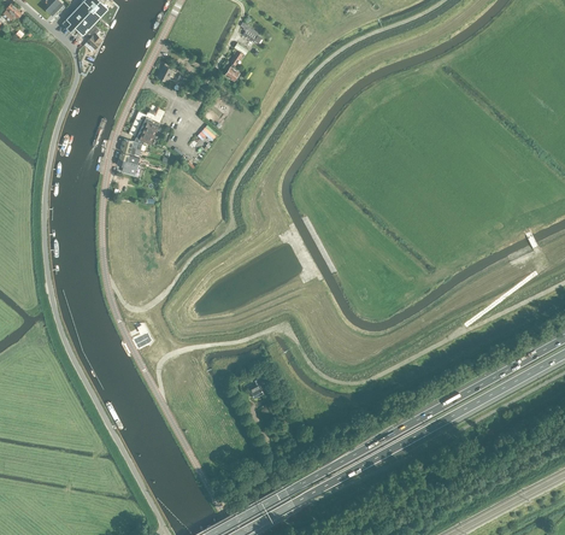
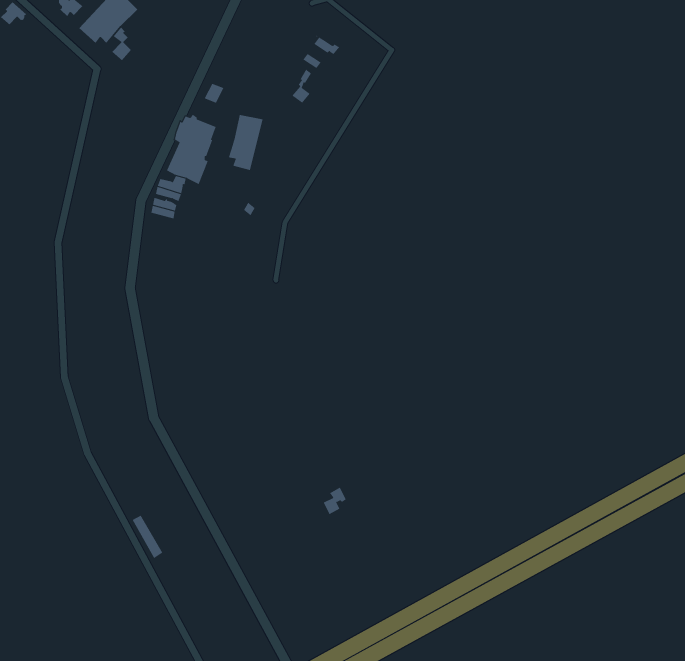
building: none -> [228,114,263,171]

